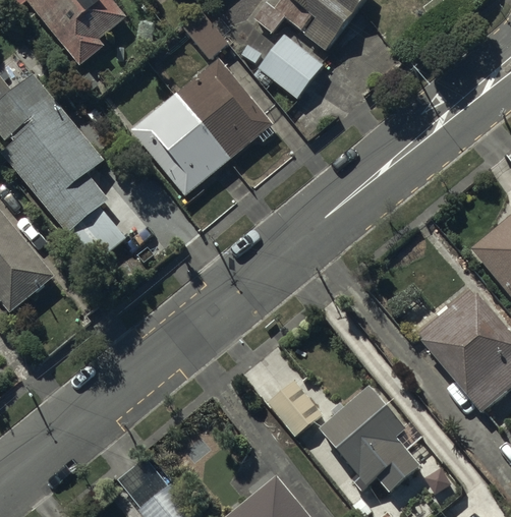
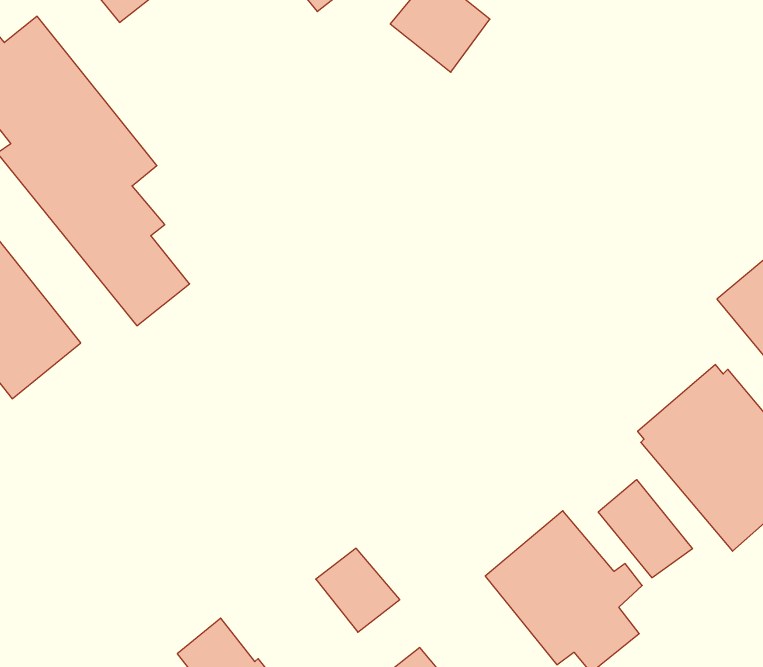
building: [129,57,274,195] -> none
building: none -> [598,480,692,578]
building: [267,381,322,436] -> [316,548,400,632]

